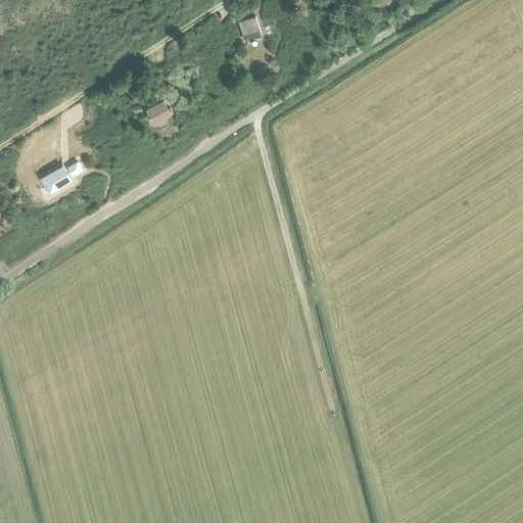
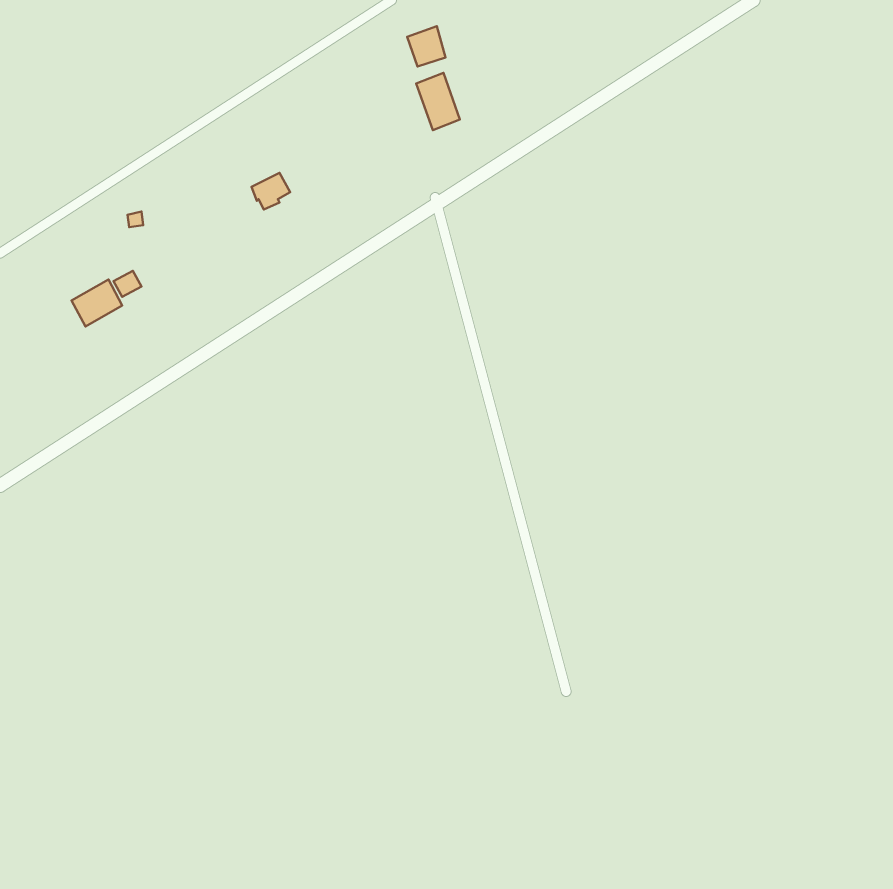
building: none -> [416,73,460,130]

